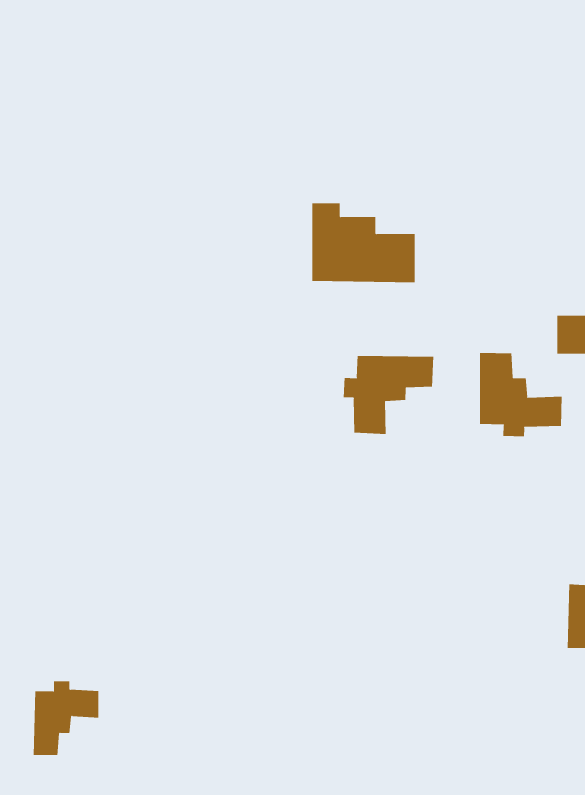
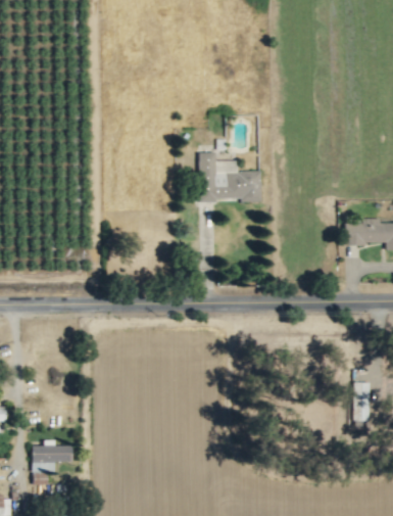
building: [480,352,562,437] -> none
building: [343,355,434,435] -> none

